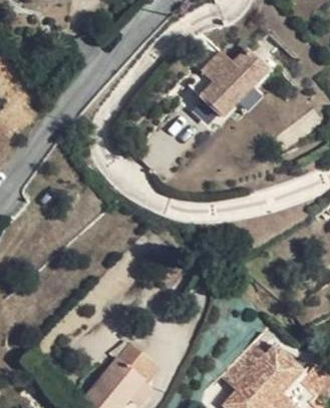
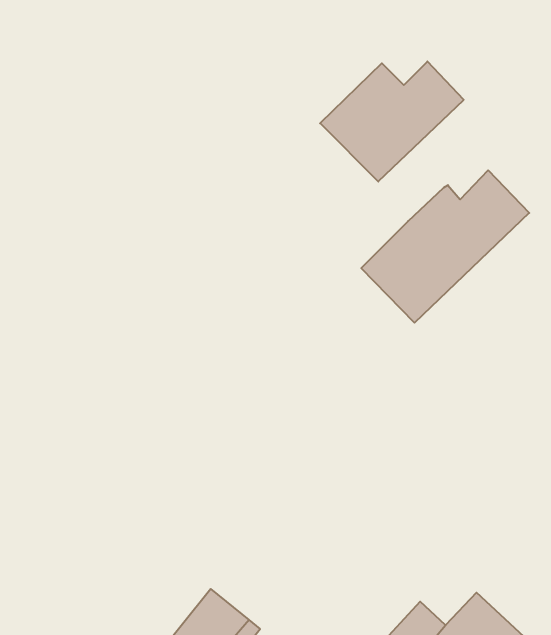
building: none -> [361,170,529,323]

